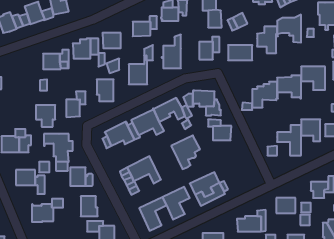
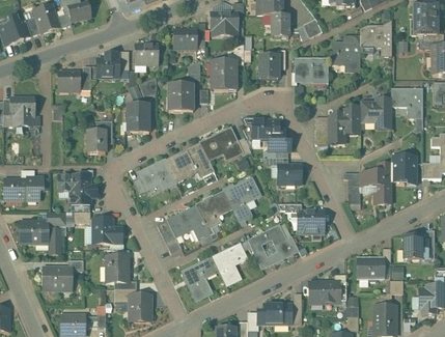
building: [36,105,55,127] -> [9,96,34,124]
building: none -> [195,190,231,233]
building: none -> [297,209,323,232]

